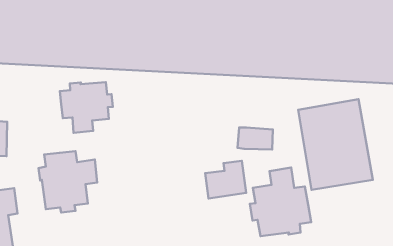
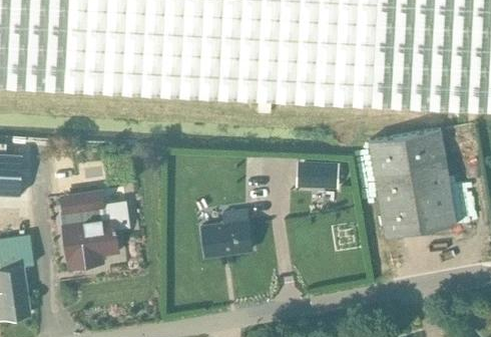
building: [60,82,113,133] -> none
building: [205,161,246,199] -> [202,212,252,257]
building: [250,167,311,236] -> none

